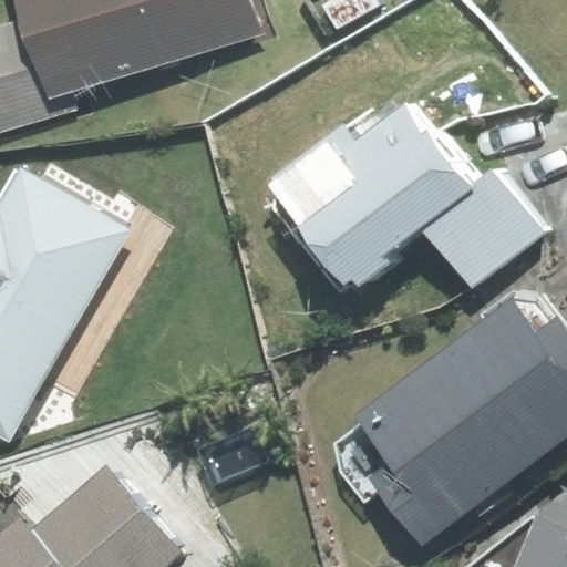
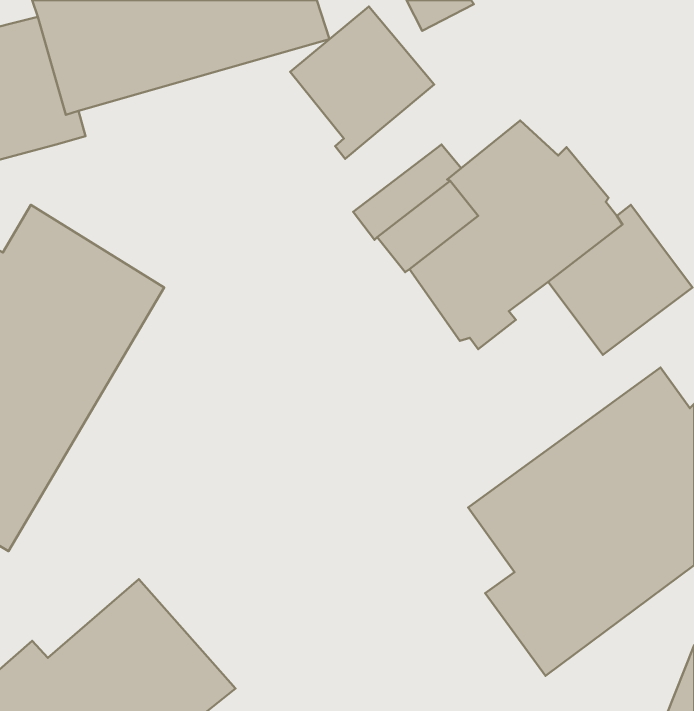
building: none -> [290,6,434,159]

